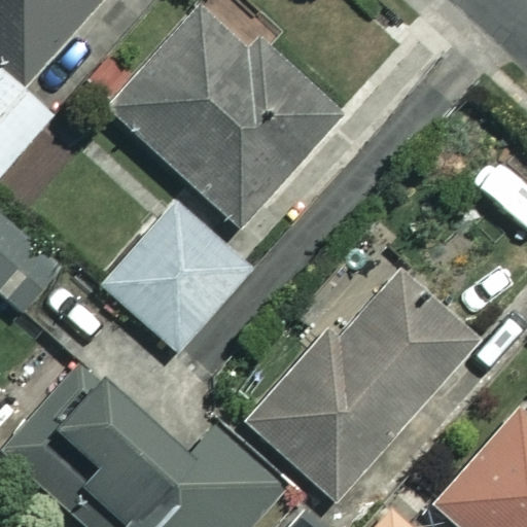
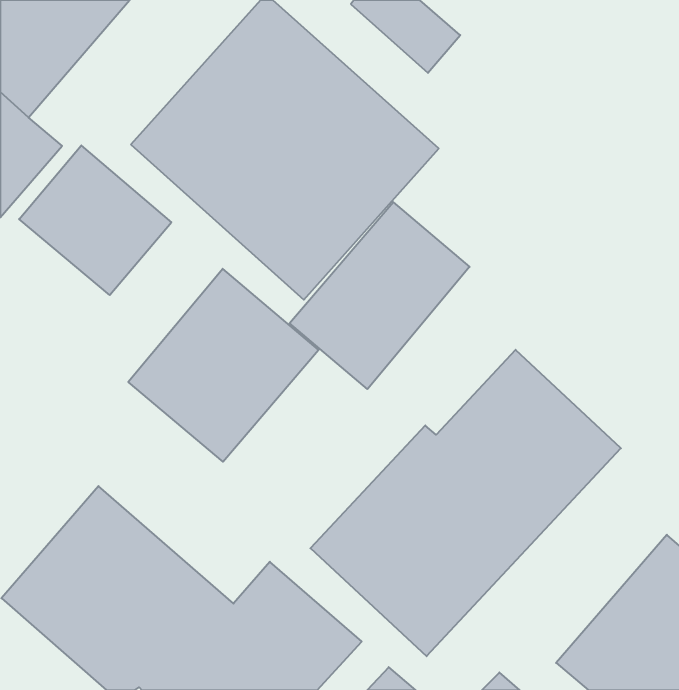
building: none -> [19,145,171,295]
building: none -> [290,202,470,389]

